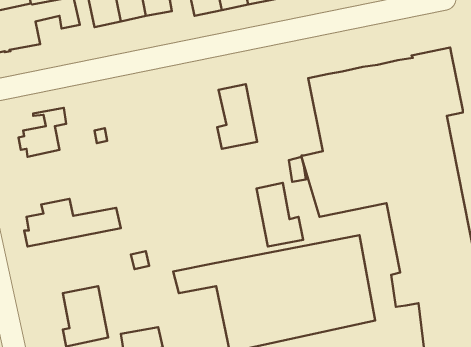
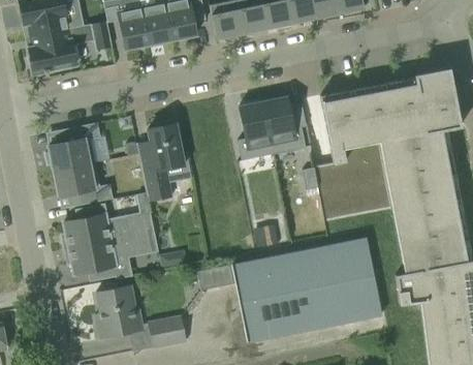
building: none -> [140,121,191,202]
building: none -> [65,161,114,207]
building: [257,183,303,247] -> [263,96,306,154]
building: none -> [65,233,153,279]

